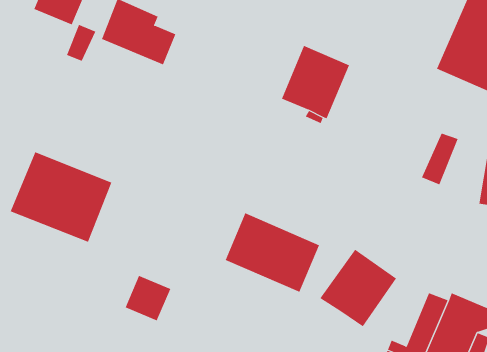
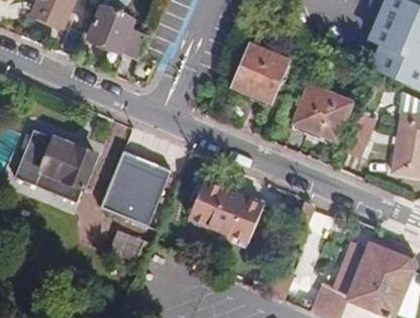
building: none -> [294,83,352,139]
building: none -> [100,150,172,229]
building: [320,249,397,327] -> none

